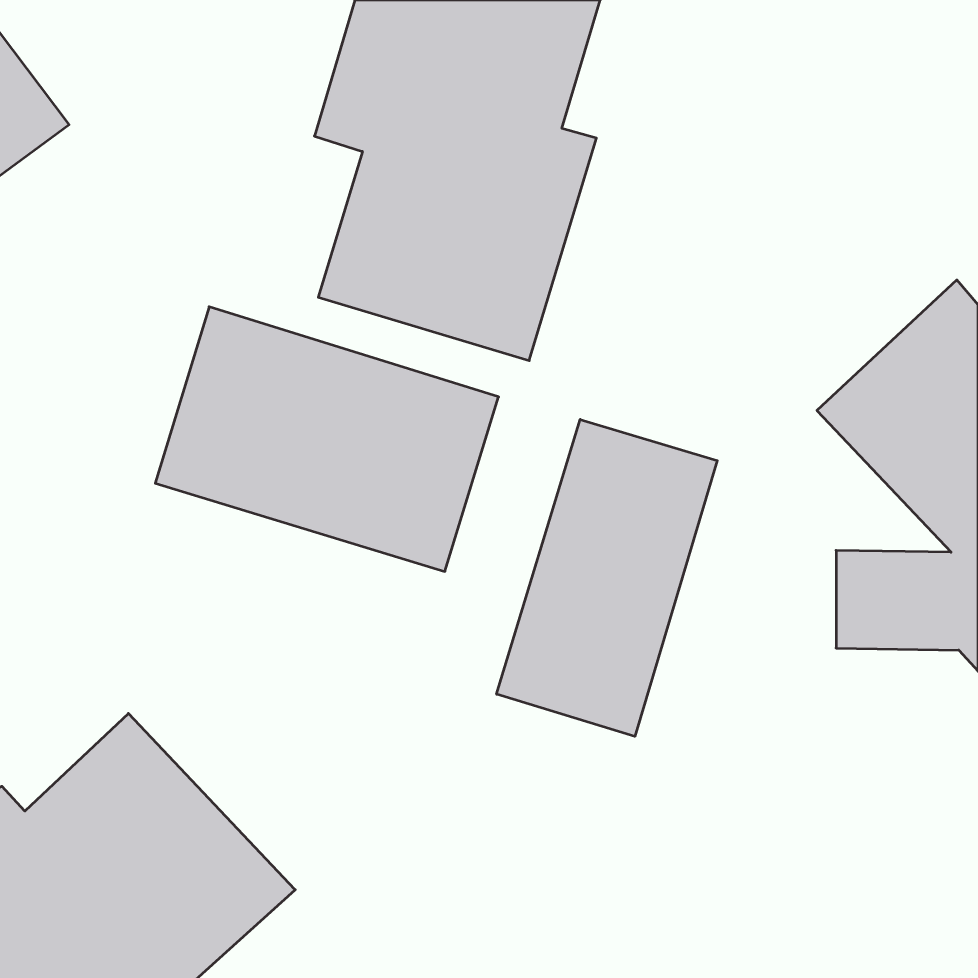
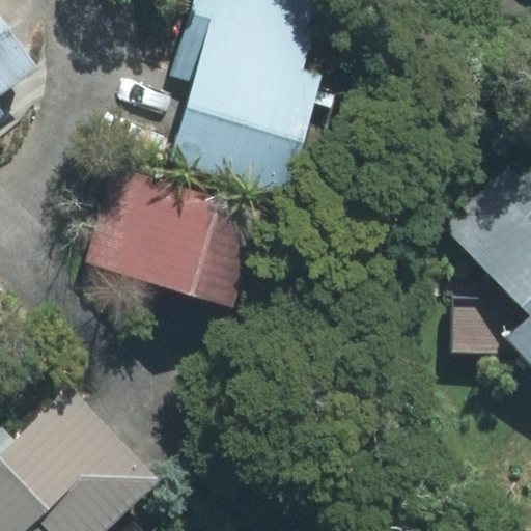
building: [497,419,717,736] -> none

